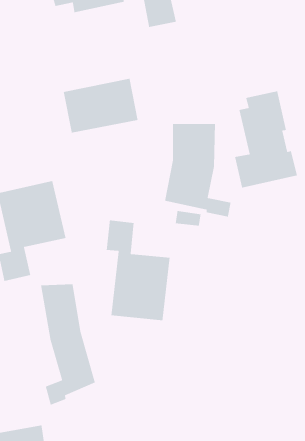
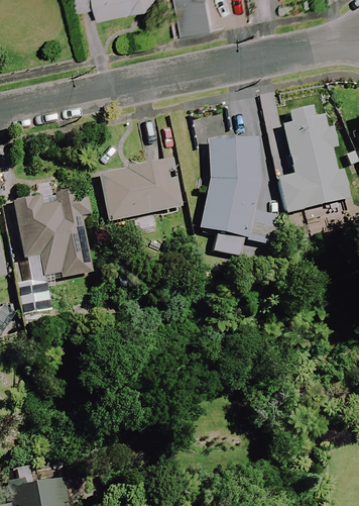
building: [63,78,138,133] -> [100,158,184,219]
building: [106,219,170,321] -> none
building: [40,283,96,406] -> none

